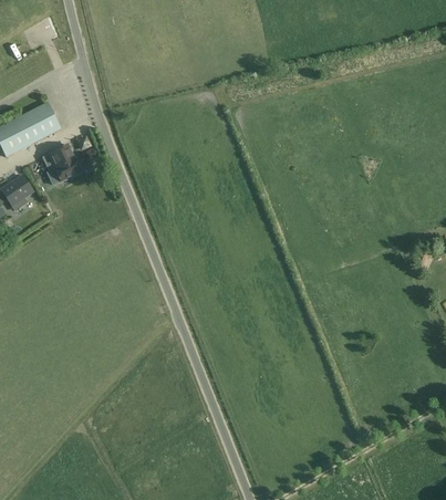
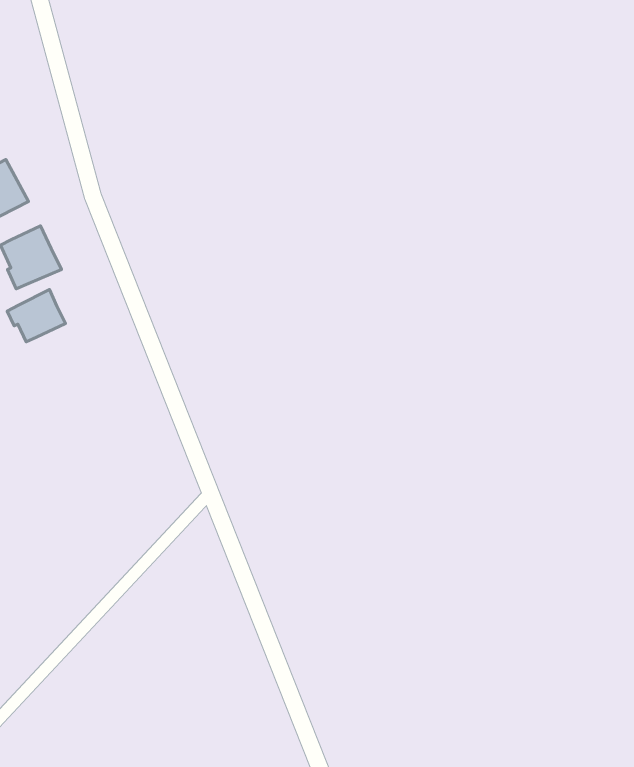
building: none -> [7,289,65,342]

